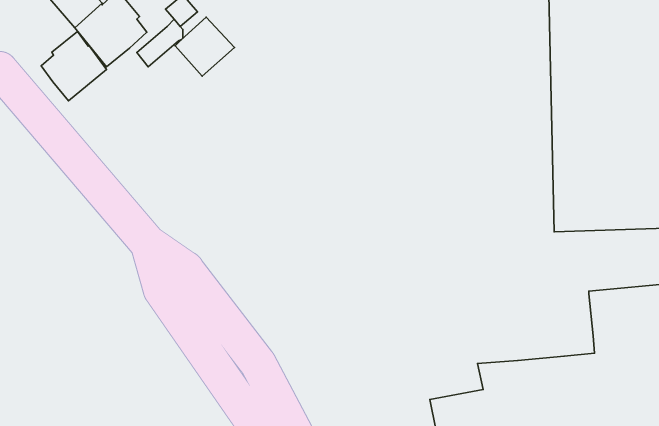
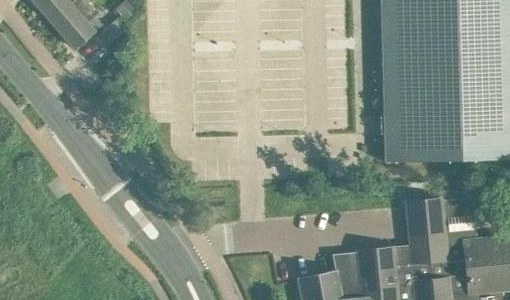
building: [175,17,234,76] -> none
building: [41,31,107,101] -> none

